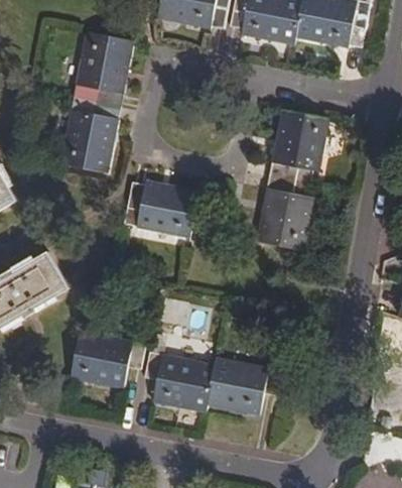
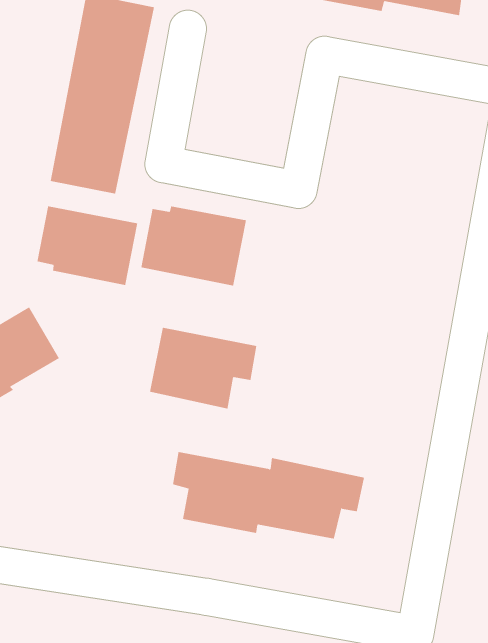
building: [257,109,329,250] -> none
building: none -> [37,206,138,286]
building: [69,331,144,388] -> [149,327,257,409]

